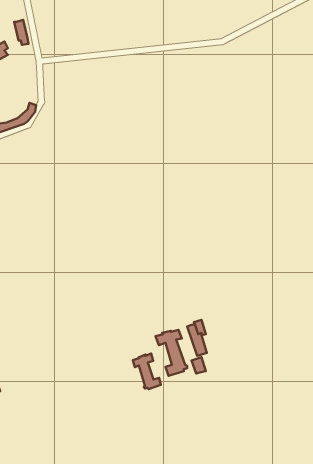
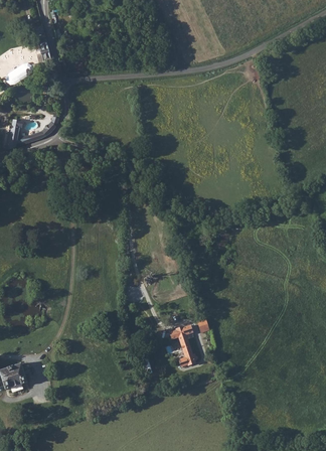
building: [133,354,161,389] -> none

